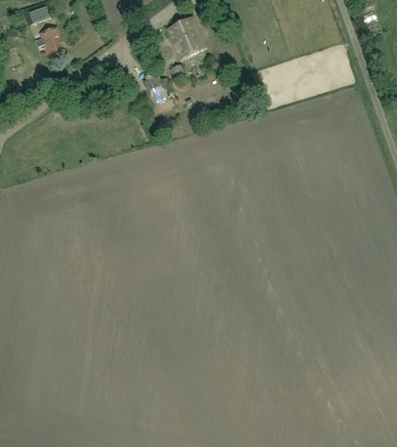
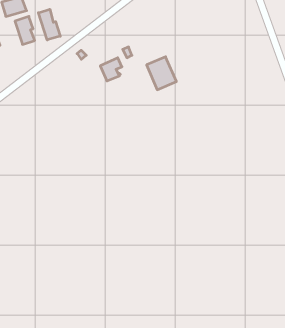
building: none -> [38,9,60,40]
building: [166,17,203,58] -> [147,57,176,90]

